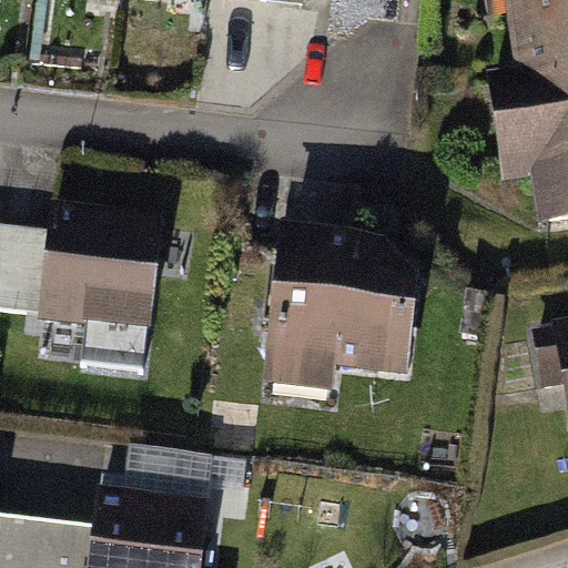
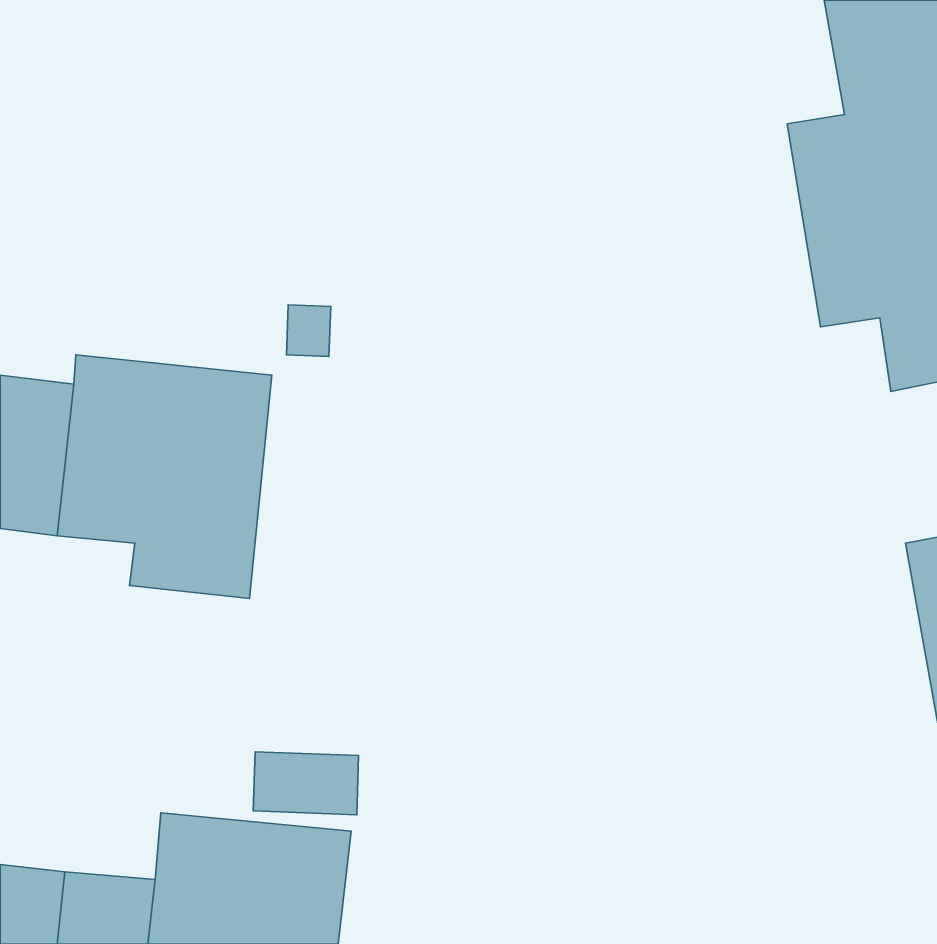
building: [265,229,420,399] -> none

